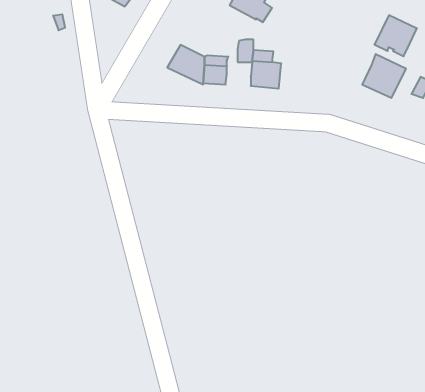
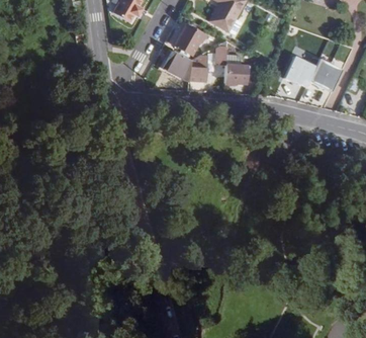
building: none -> [173,23,203,55]
building: [374,15,417,56] -> [284,56,316,87]

